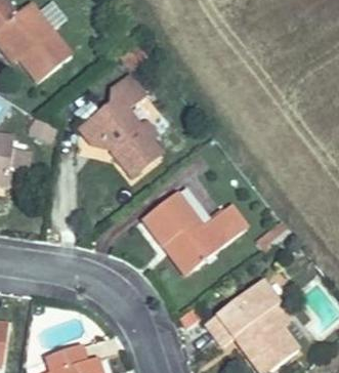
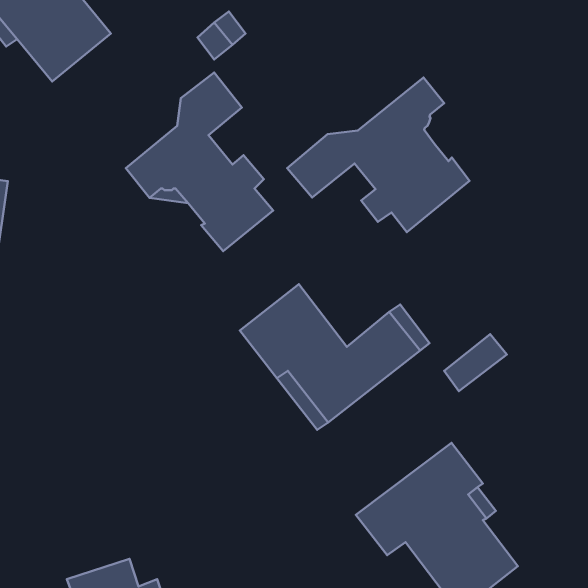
building: none -> [287,78,470,232]

